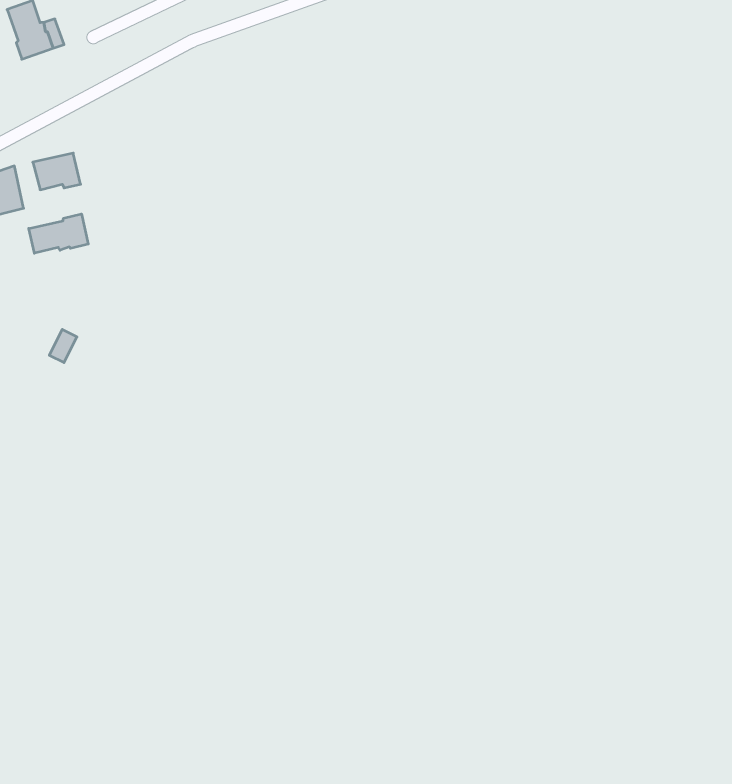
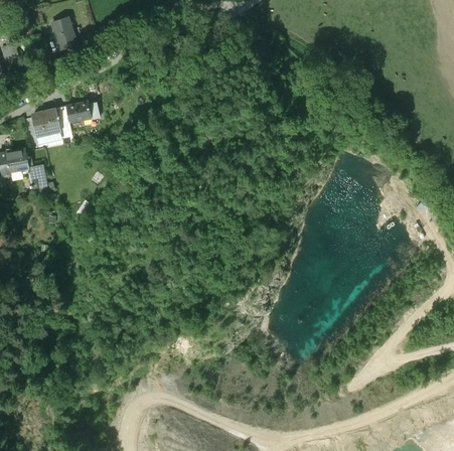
building: [29,214,88,253] -> none

